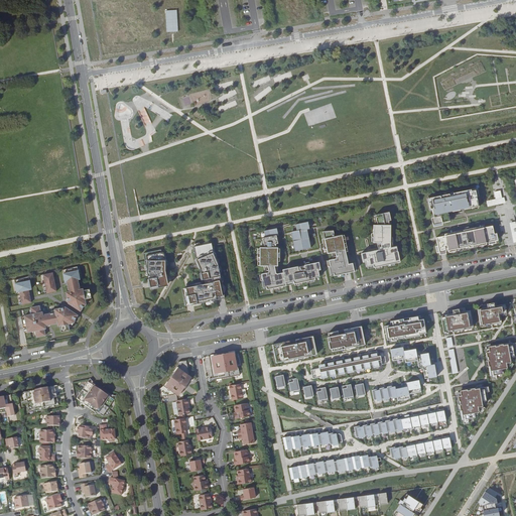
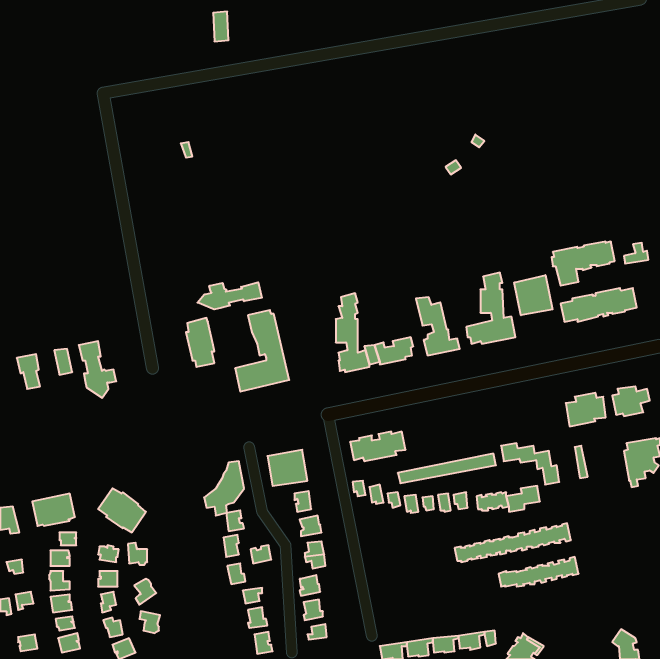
building: none -> [514,275,553,315]
building: none -> [197,282,262,309]
building: [293,223,312,251] -> none
building: [20,305,77,337] -> none
building: [385,314,426,340] -> none
building: [329,327,365,348] -> none
building: [459,386,490,423] -> none
building: [282,430,342,448] -> none
building: [288,456,381,478] -> none

